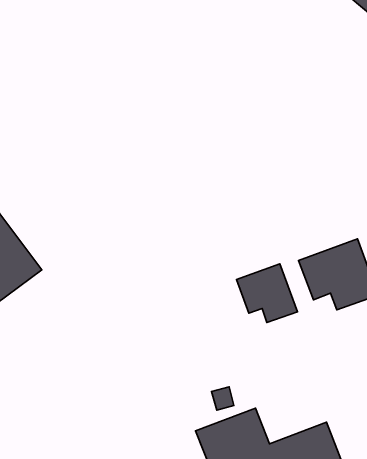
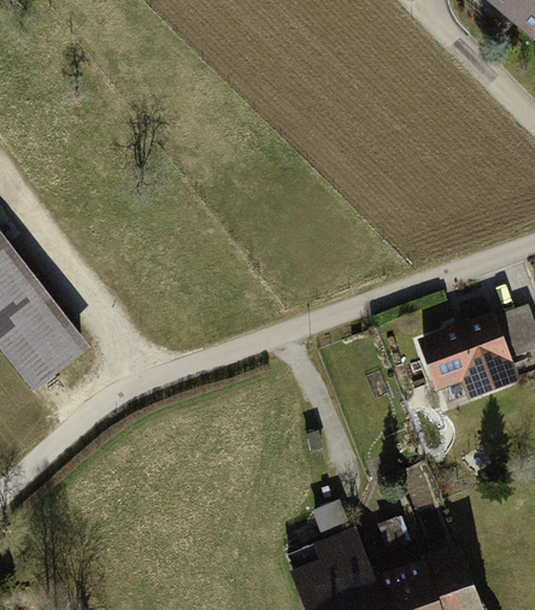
building: [237,264,298,322] -> none

